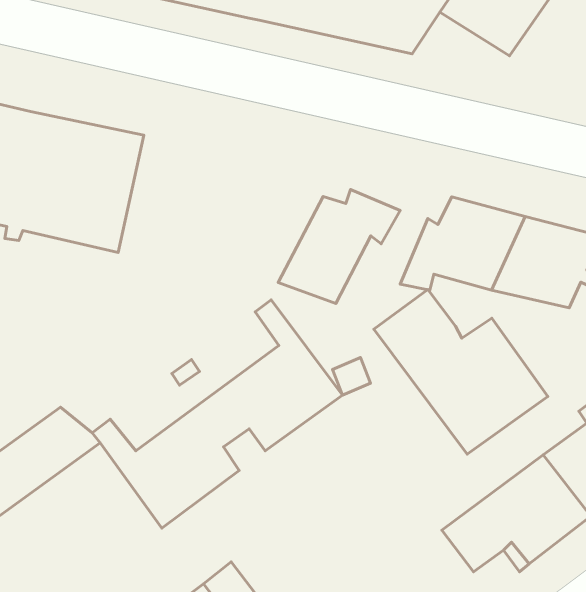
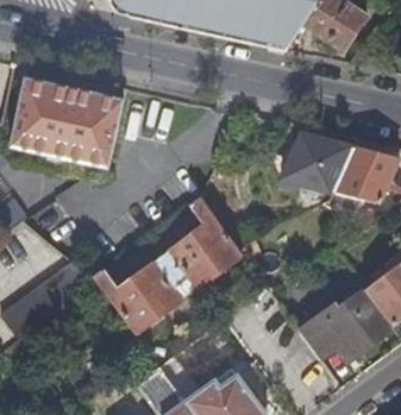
building: [278,189,400,304] -> none
building: [374,290,548,454] -> none

